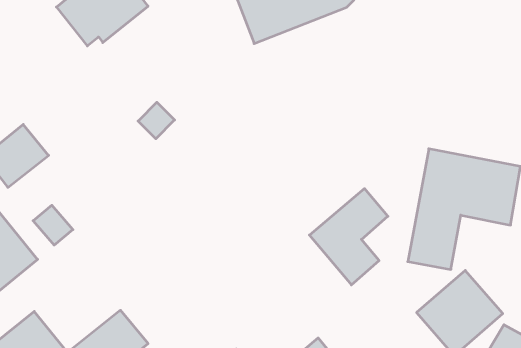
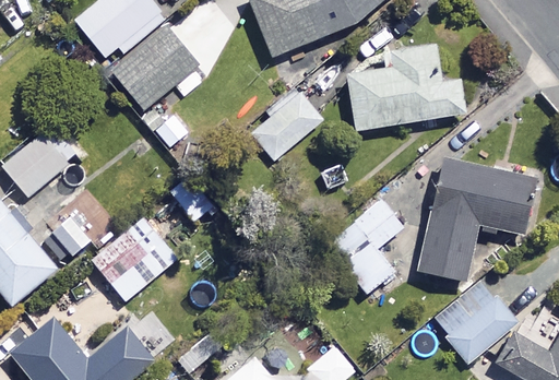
building: none -> [111,26,199,110]
building: none -> [346,47,465,132]
building: none -> [251,94,323,163]
building: none -> [93,218,178,301]

